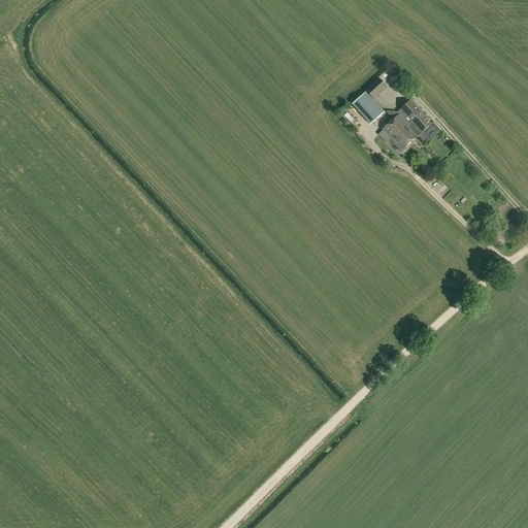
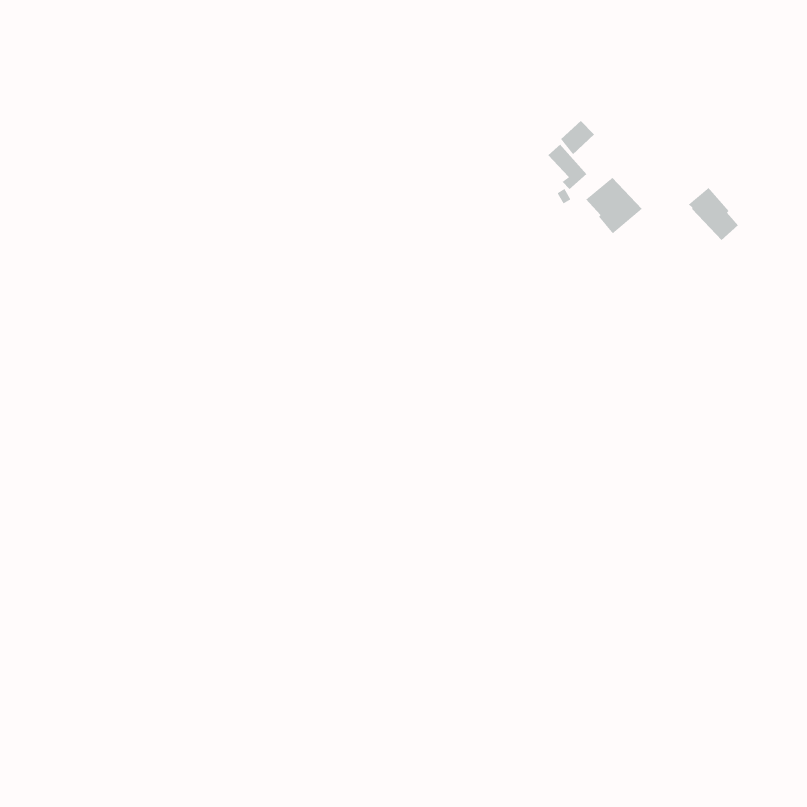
building: [397,102,430,137] -> [688,187,739,241]

